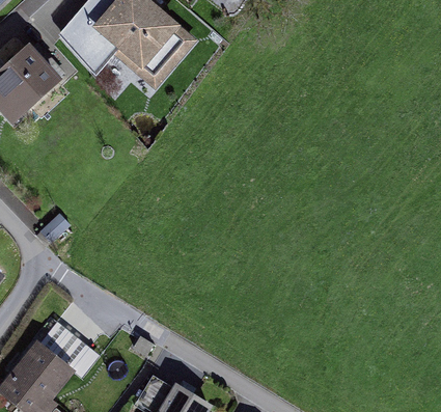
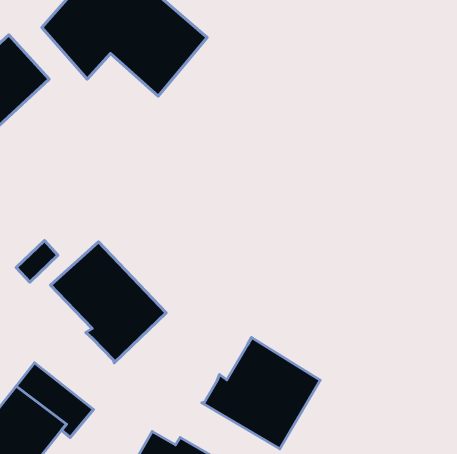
building: none -> [50,242,166,363]
building: none -> [202,338,320,449]

